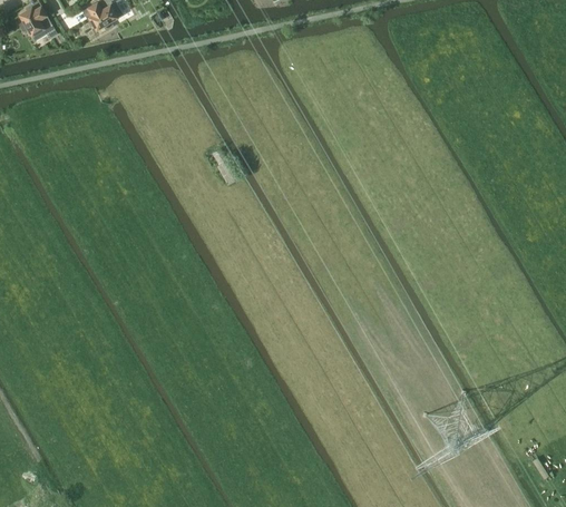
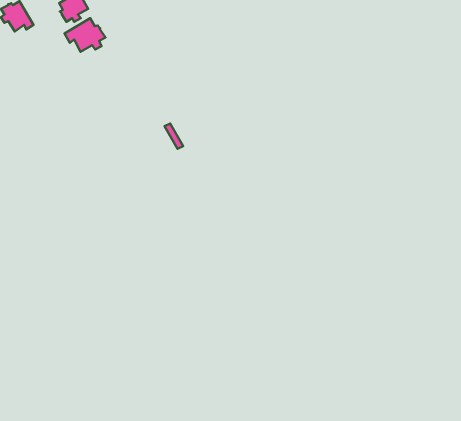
building: none -> [64,18,106,52]

